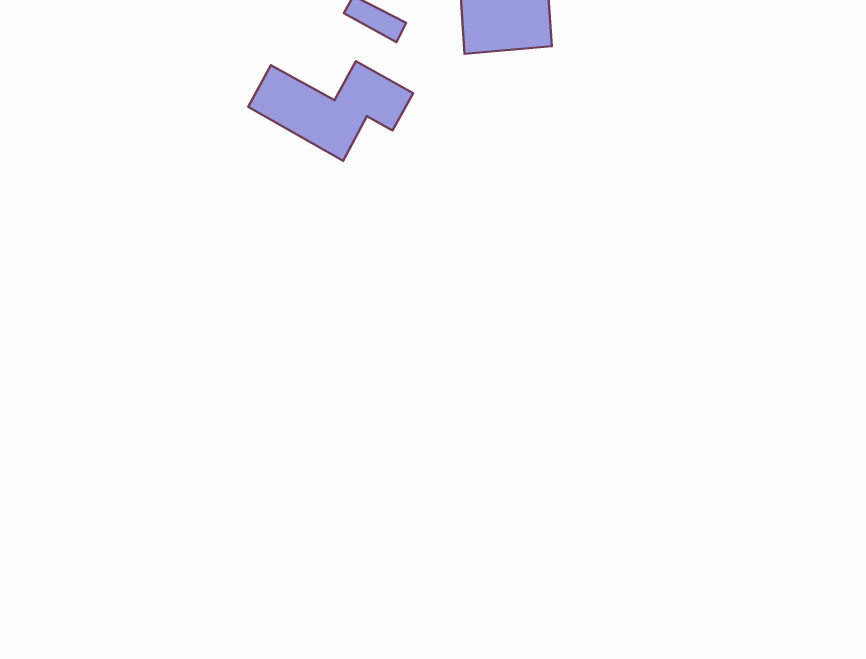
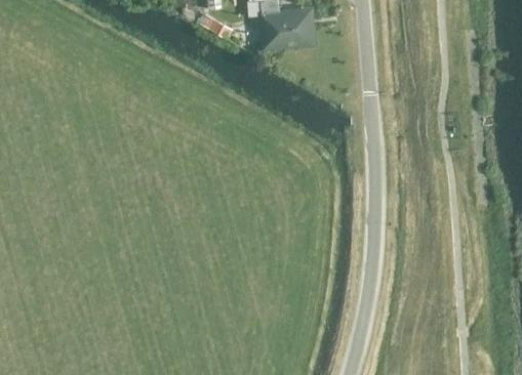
building: [248,61,413,161] -> none

